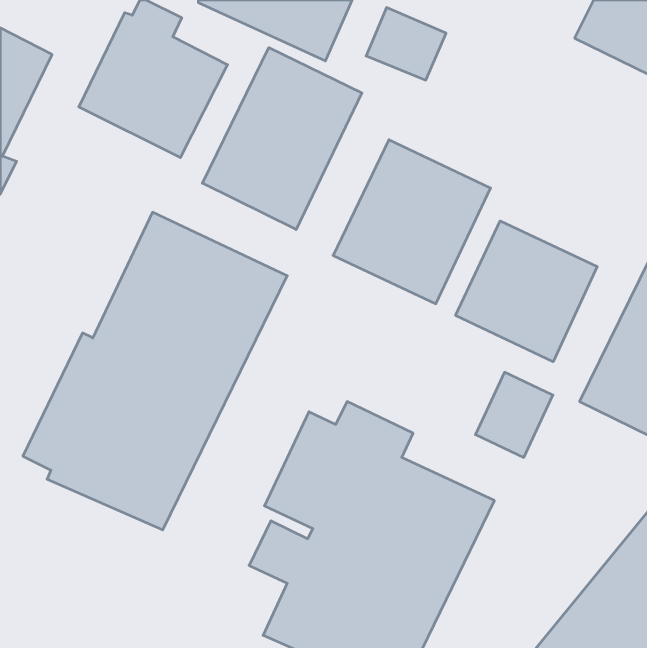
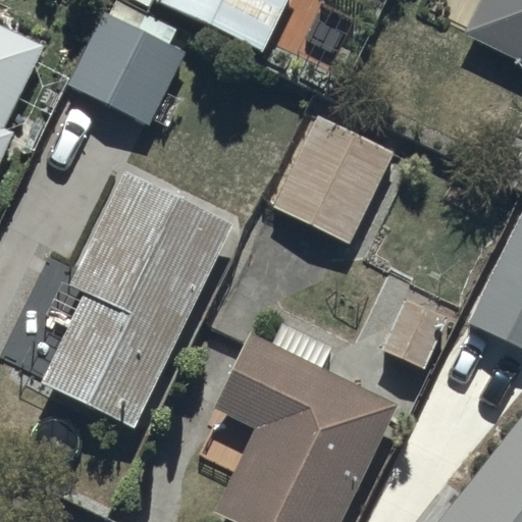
building: [202,48,362,230] -> none
building: [456,221,597,362] -> none

